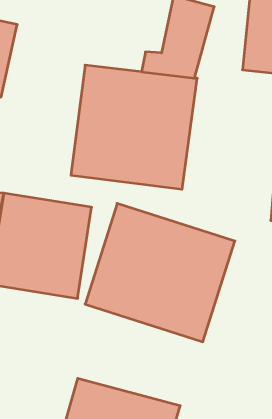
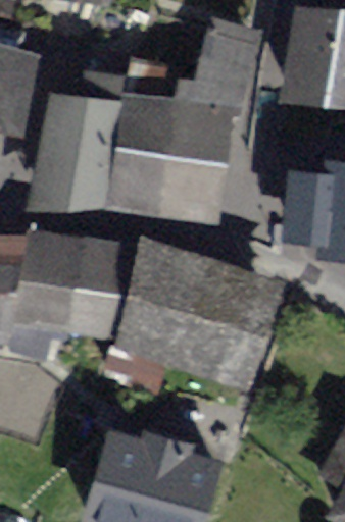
building: none -> [32,97,111,211]

